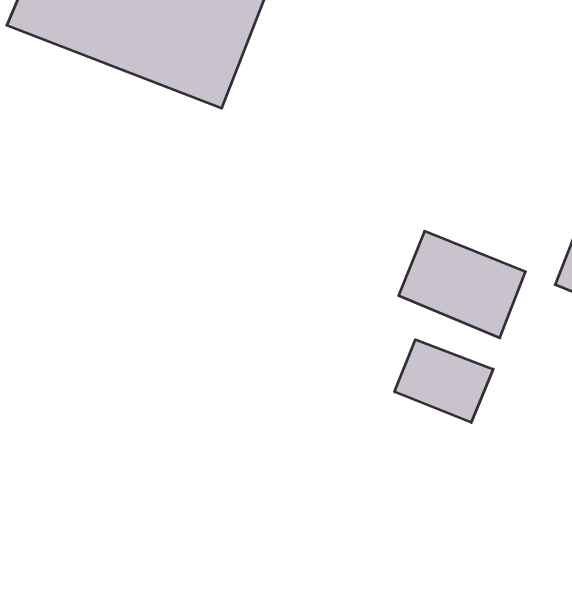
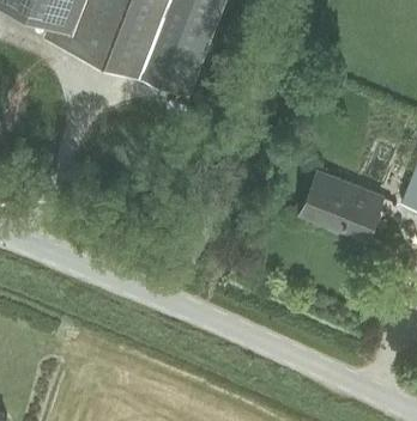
building: [395,340,493,423] -> none

